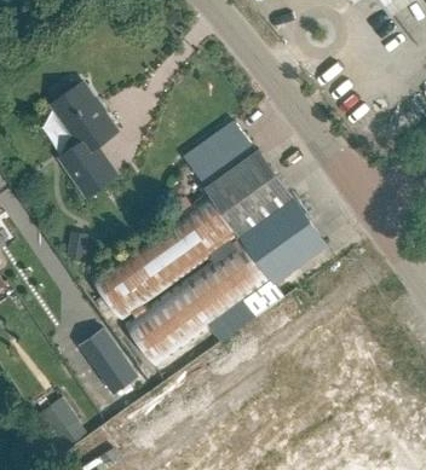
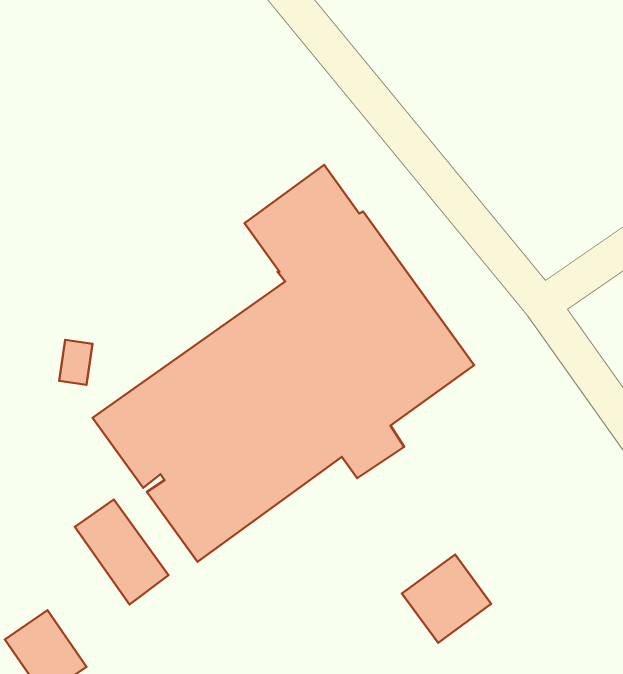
building: [53,80,119,197] -> none
building: none -> [402,555,491,643]

